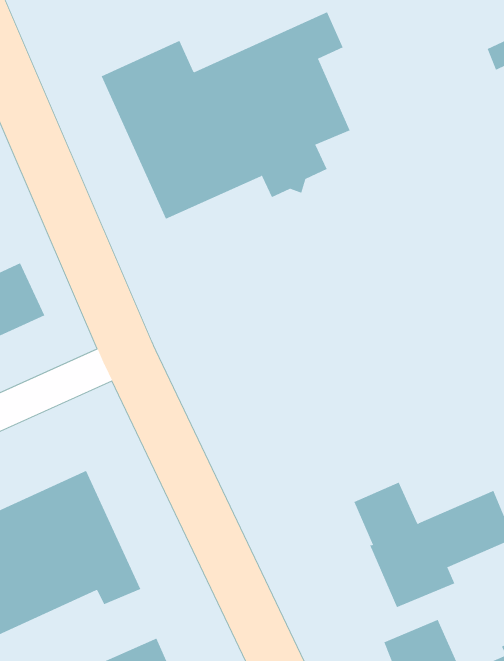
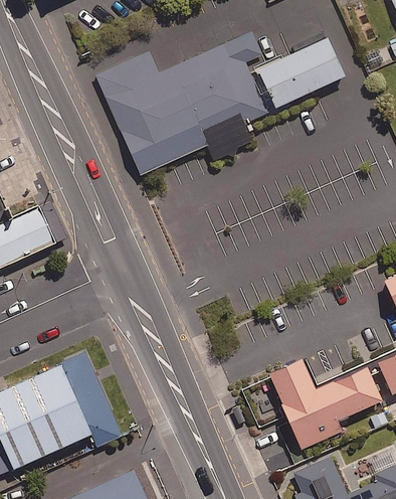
building: none -> [258,36,347,108]

